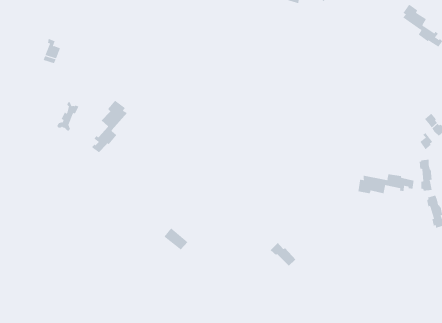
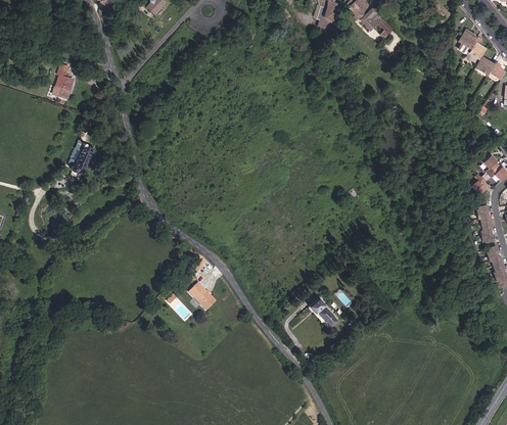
building: [91,100,128,153] -> none
building: [358,173,414,194] -> none

